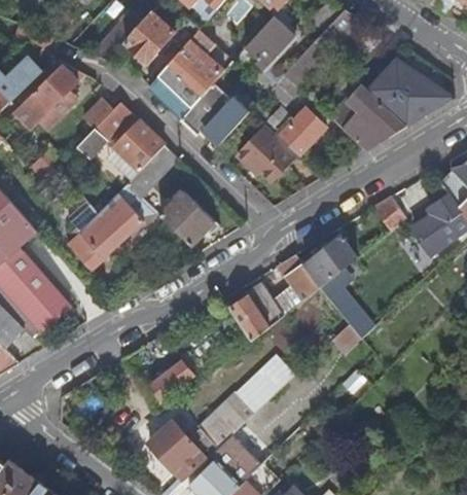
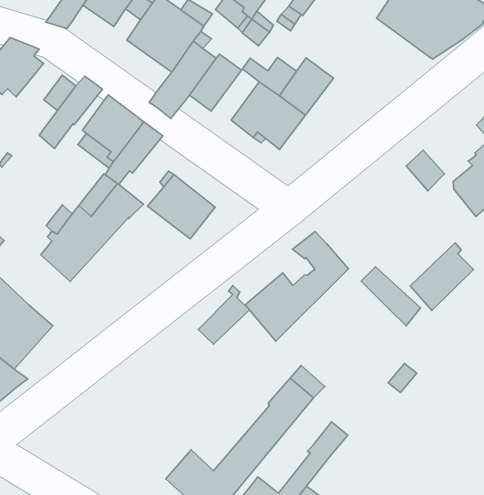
building: [331,86,406,150] -> none
building: [302,234,356,287] -> [410,243,473,311]
building: [148,353,192,399] -> [198,286,250,344]

